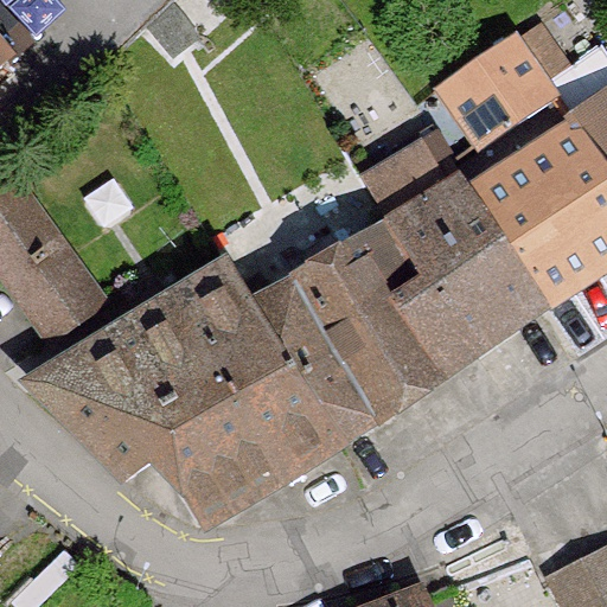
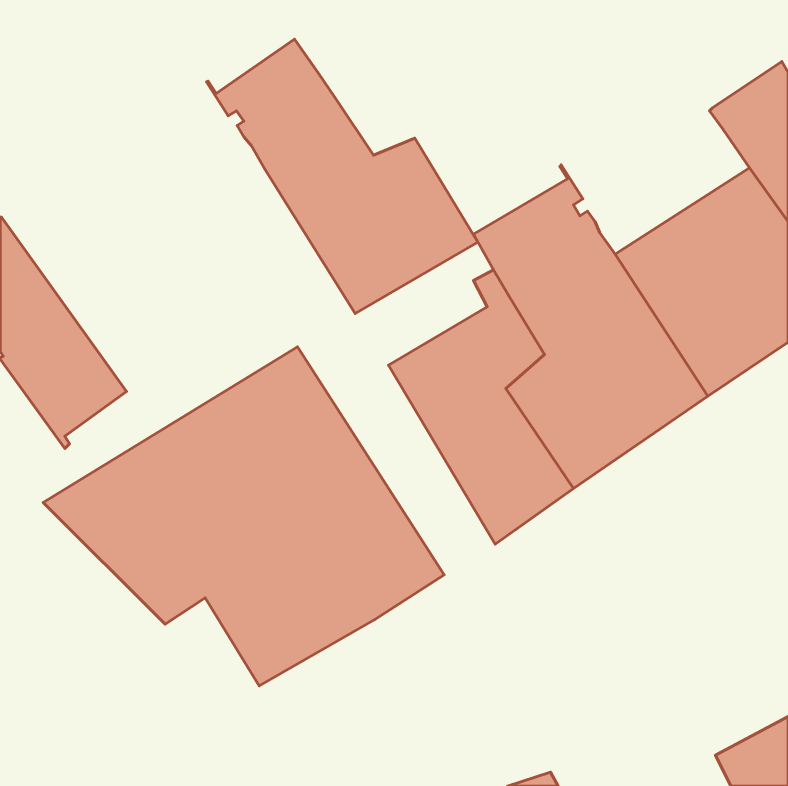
building: none -> [207,39,478,313]
building: [436,38,556,151] -> none
building: [229,266,381,442] -> none

